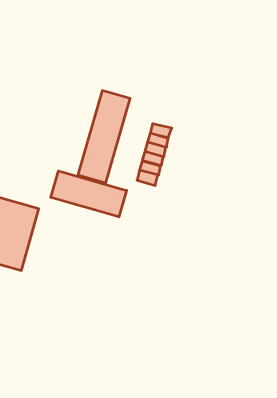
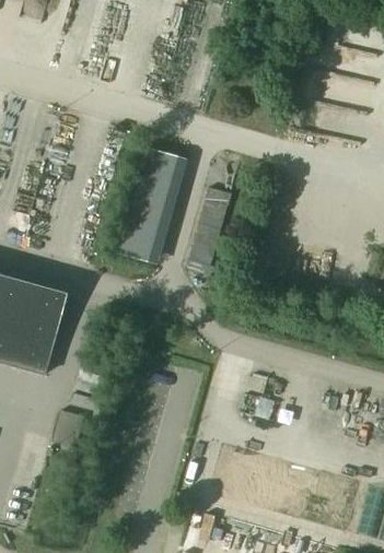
building: [51,171,127,217] -> none

